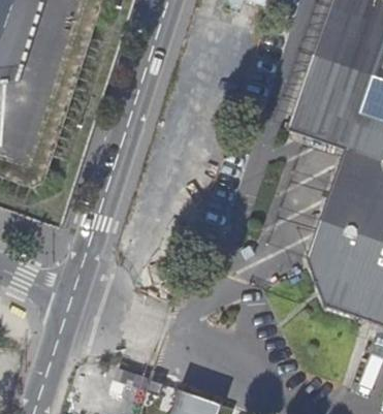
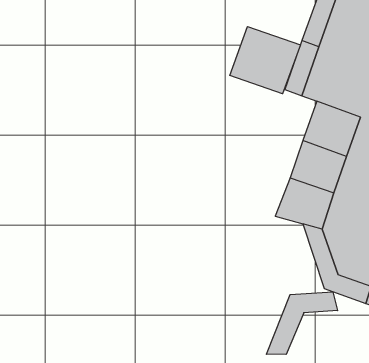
building: none -> [230,27,300,94]
building: none -> [266,292,338,354]

